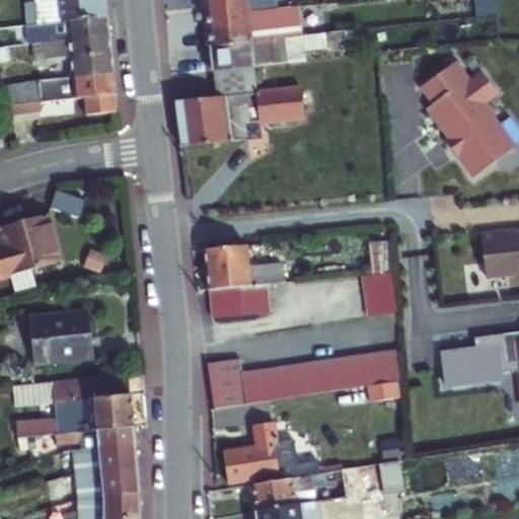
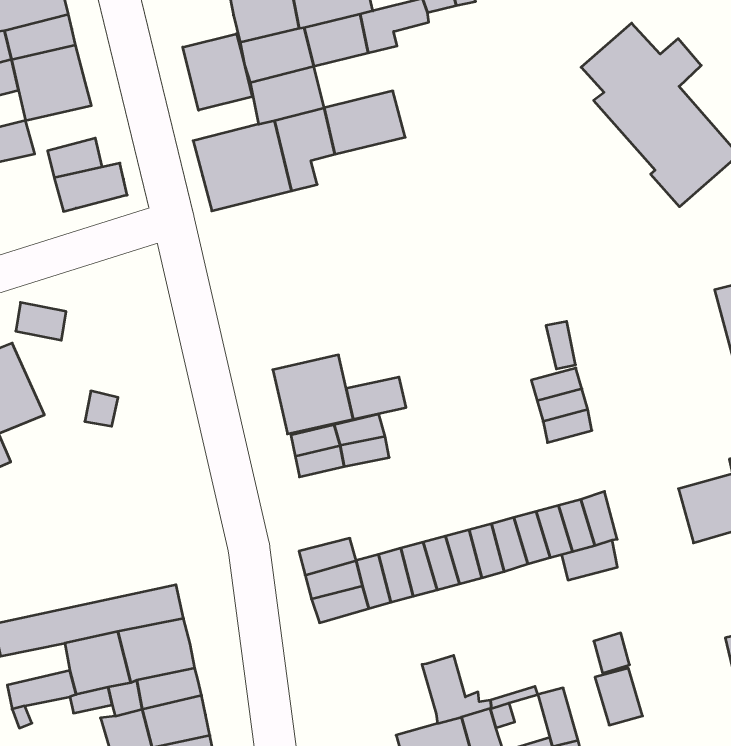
building: none -> [183,34,252,110]
building: [71,72,115,97] -> [54,163,127,211]
building: [30,311,90,362] -> none
building: [223,421,278,480] -> none

